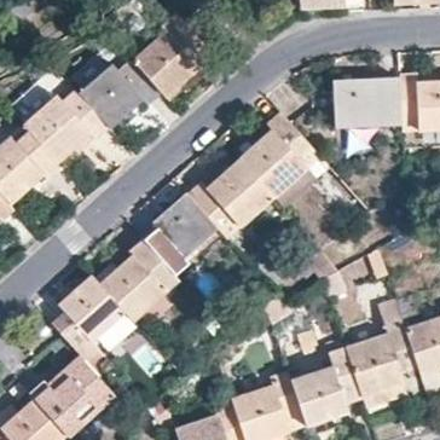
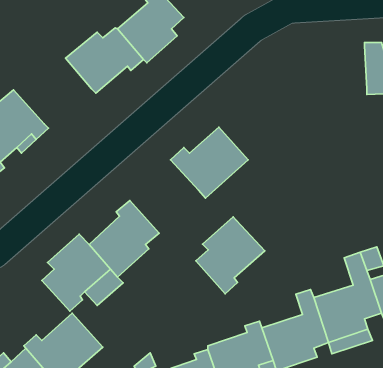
building: [332,76,400,125] -> none
building: [22,88,105,160] -> none
building: [242,115,319,198] -> none
building: [146,195,220,277] -> [196,217,265,294]

